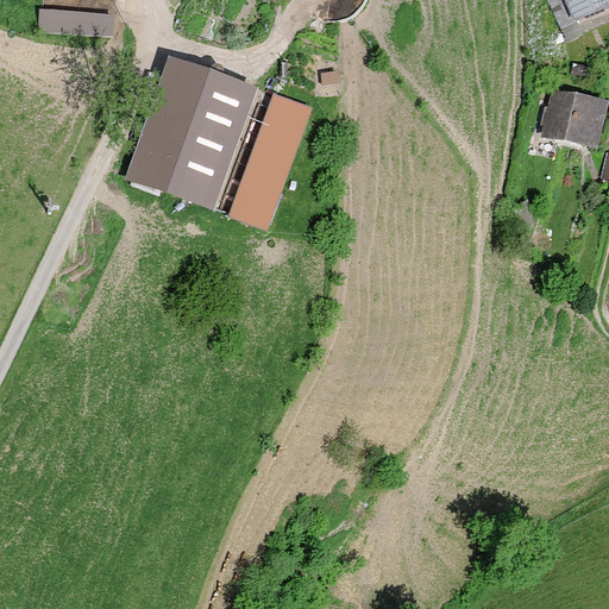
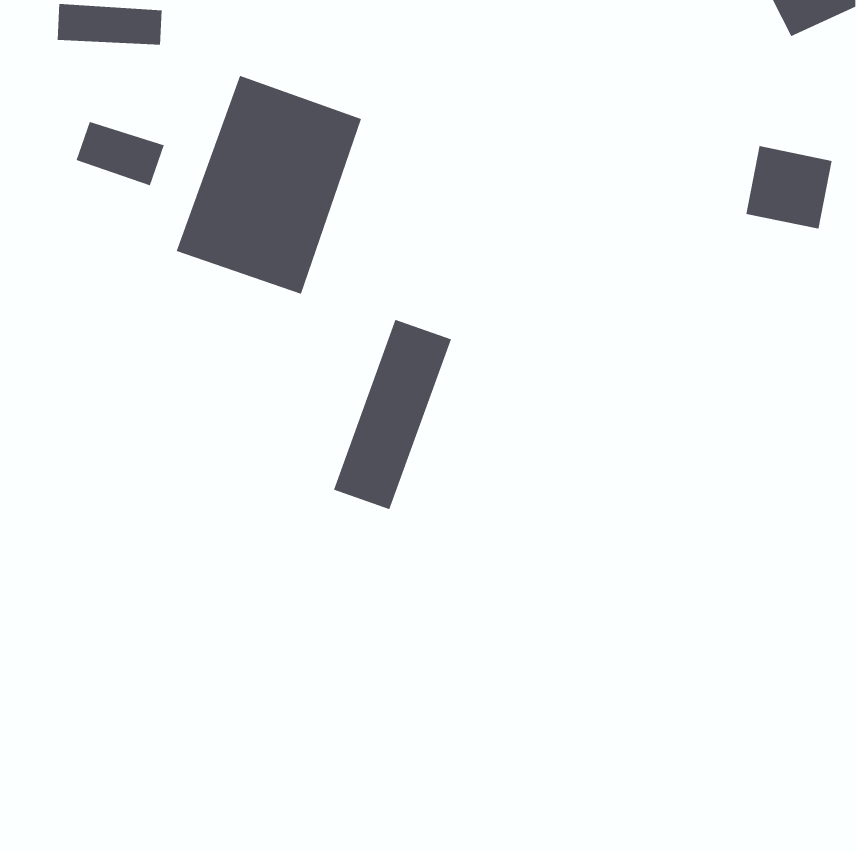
building: none -> [76,121,165,186]
building: [228,92,313,227] -> [333,319,452,510]

